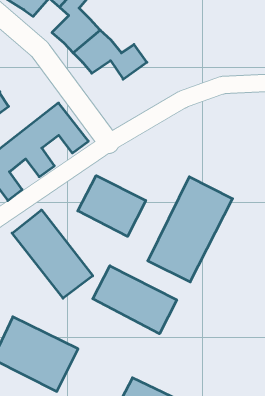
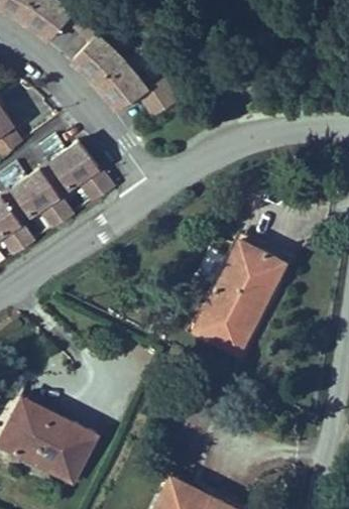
building: [78,176,146,236] -> none
building: [12,210,93,298] -> none
building: [93,266,177,334] -> none

